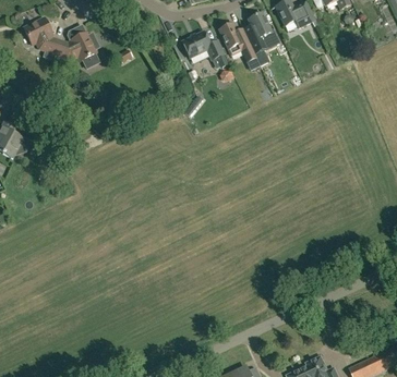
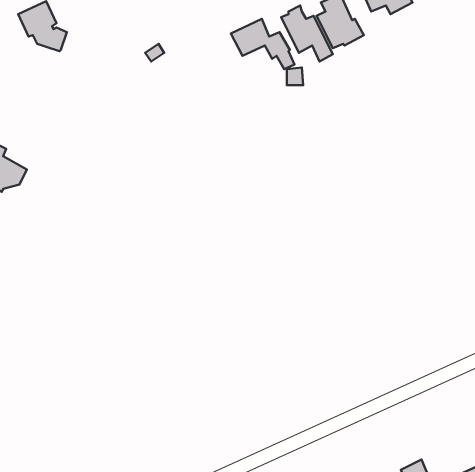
building: [53,24,98,66] -> none

